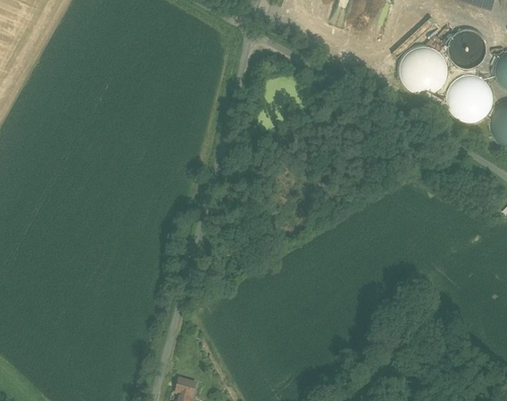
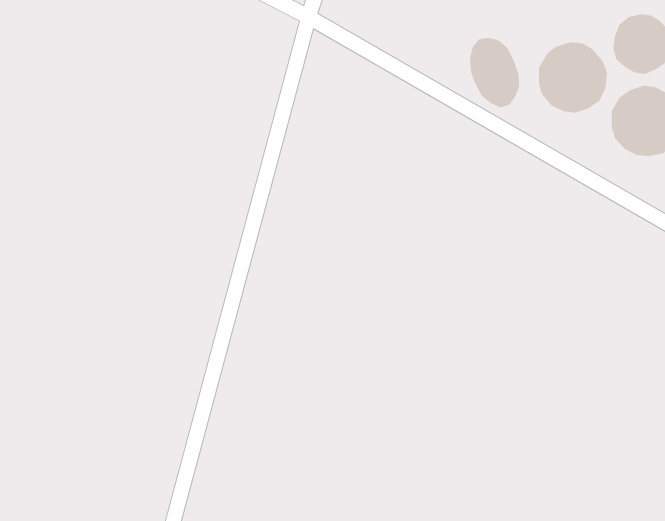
building: none -> [470,37,520,108]

